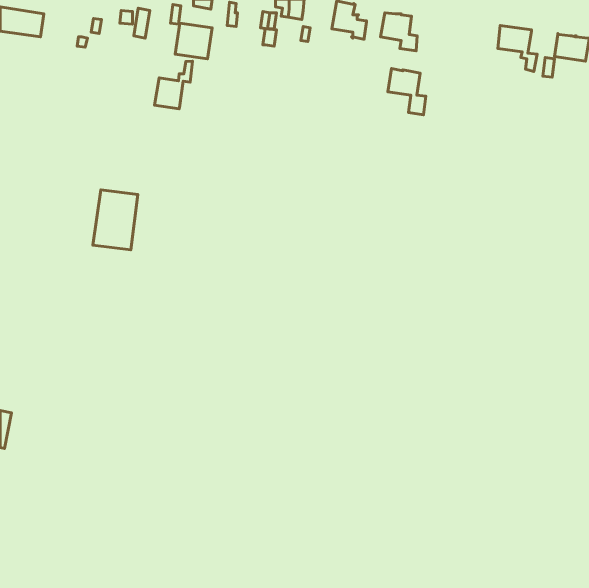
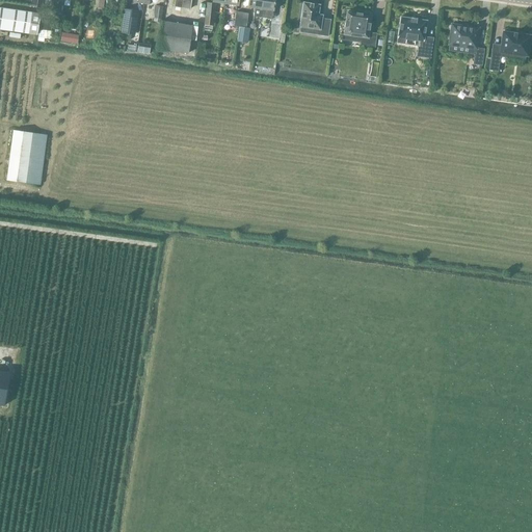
building: [154,61,193,109] -> none
building: [388,69,426,115] -> [398,16,432,57]
building: [93,190,138,250] -> [6,130,47,184]

